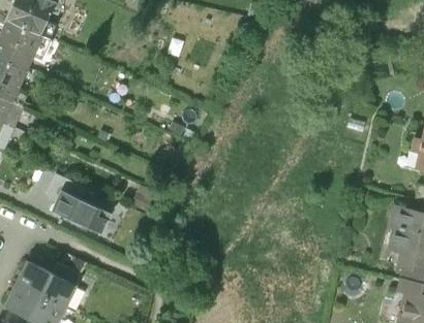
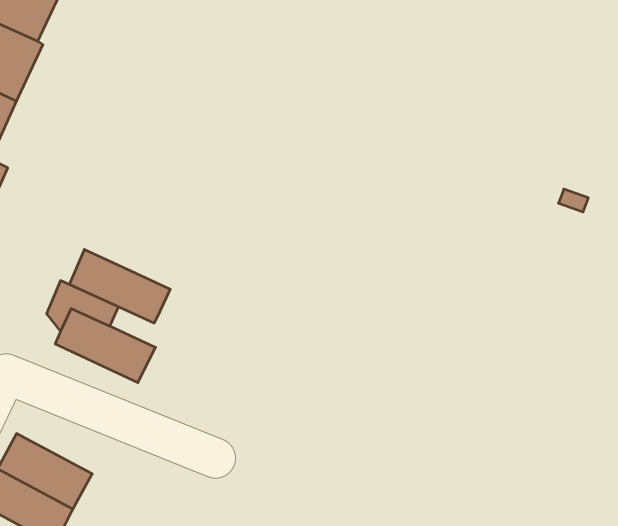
building: none -> [70,249,170,323]

